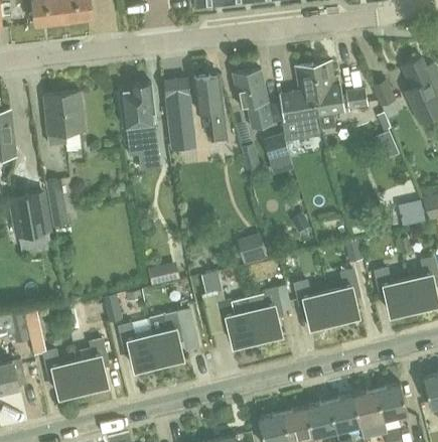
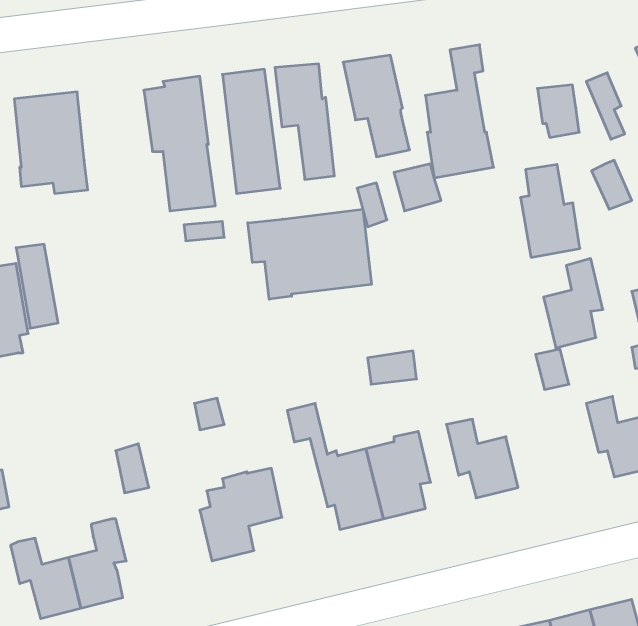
building: [309,62,343,116] -> [520,164,580,257]
building: none -> [248,209,371,299]
building: [327,269,361,320] -> [544,259,603,348]
building: [118,323,158,369] -> none

